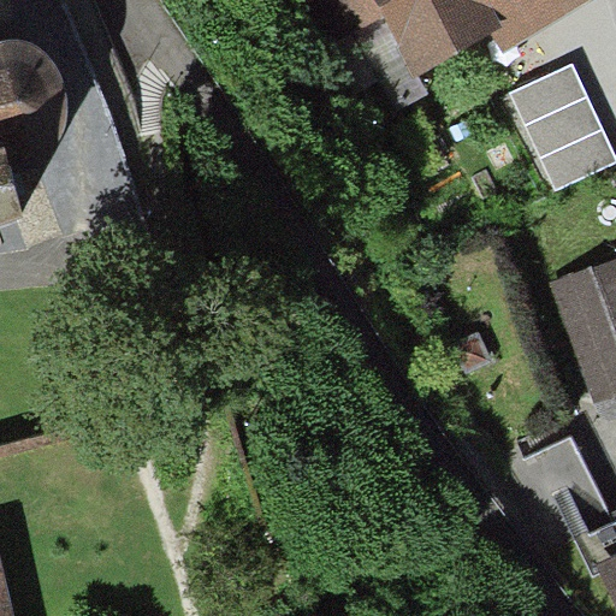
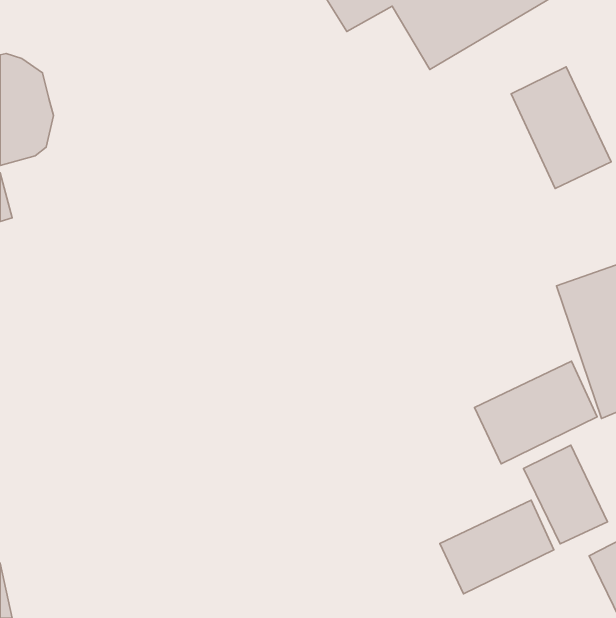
building: none -> [475,361,597,464]
building: none -> [440,500,554,594]

